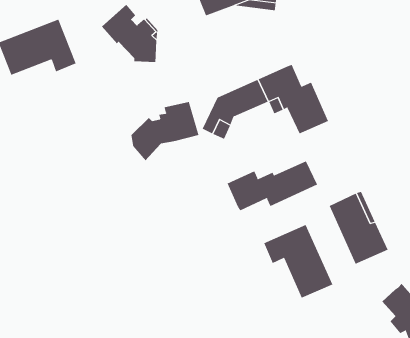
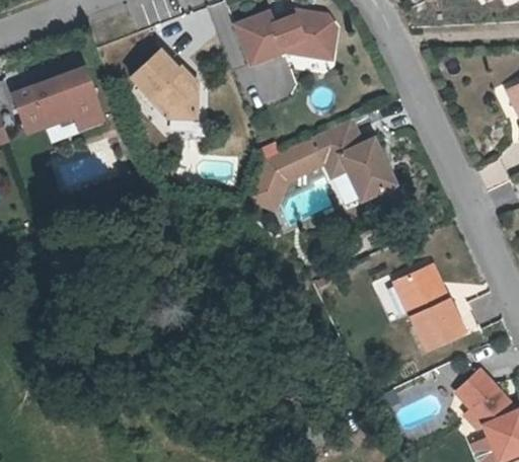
building: [131,101,199,161] -> none
building: [227,160,318,211] -> none
building: [263,224,333,299] -> none

